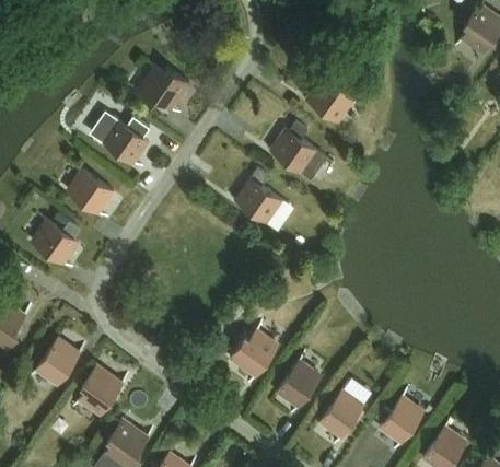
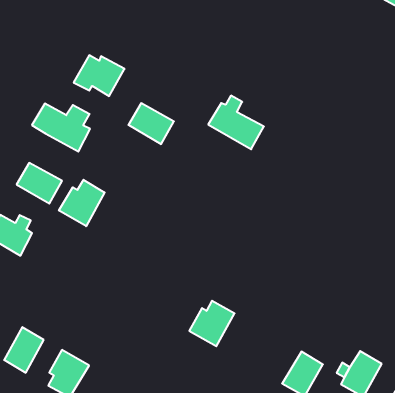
building: [306,73,353,121] -> none
building: [235,179,282,223] -> [128,103,174,144]
building: none -> [59,180,105,226]
building: [277,361,321,408] -> none

